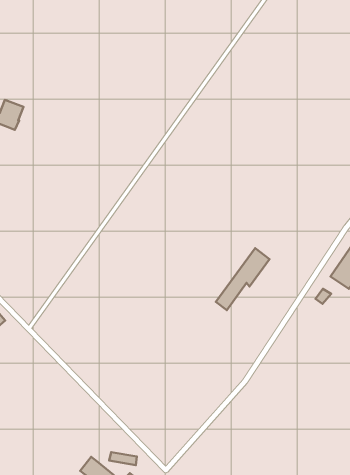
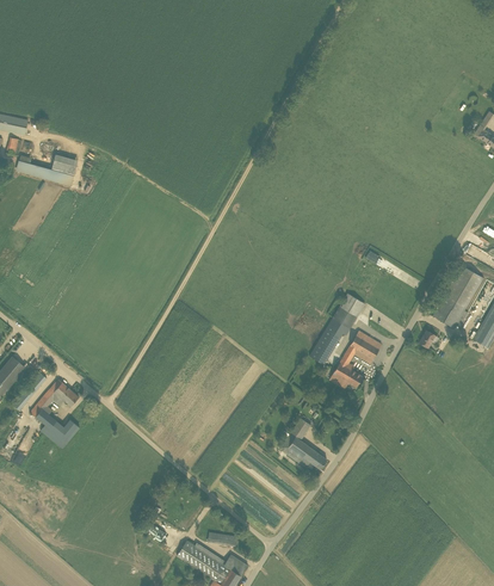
building: none -> [329,329,379,387]
building: none -> [280,433,327,468]

